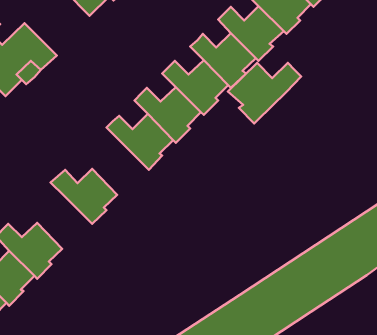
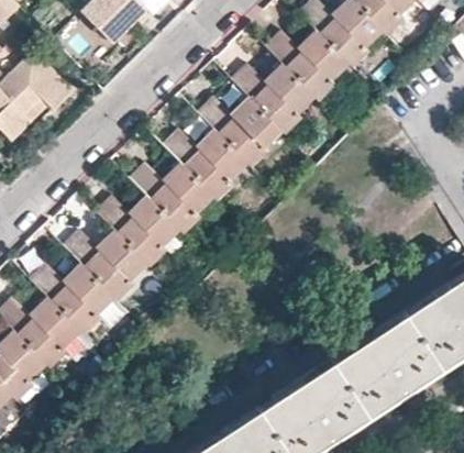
building: [228,63,301,123] -> none
building: none -> [98,197,179,265]
building: none -> [31,264,112,331]

